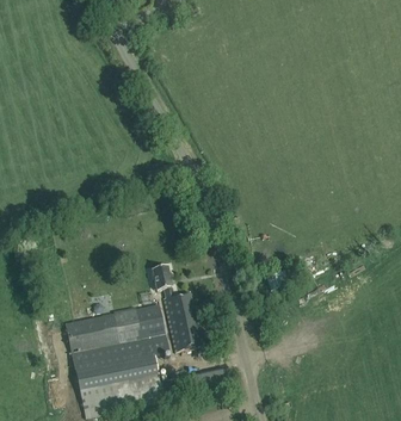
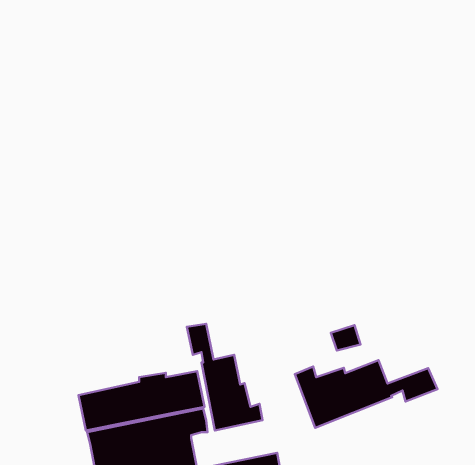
building: none -> [295,360,437,428]

